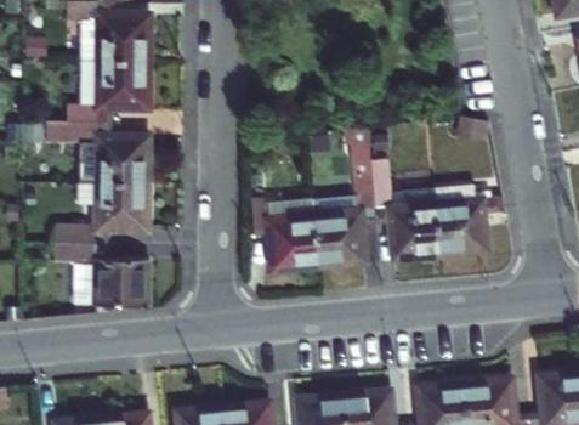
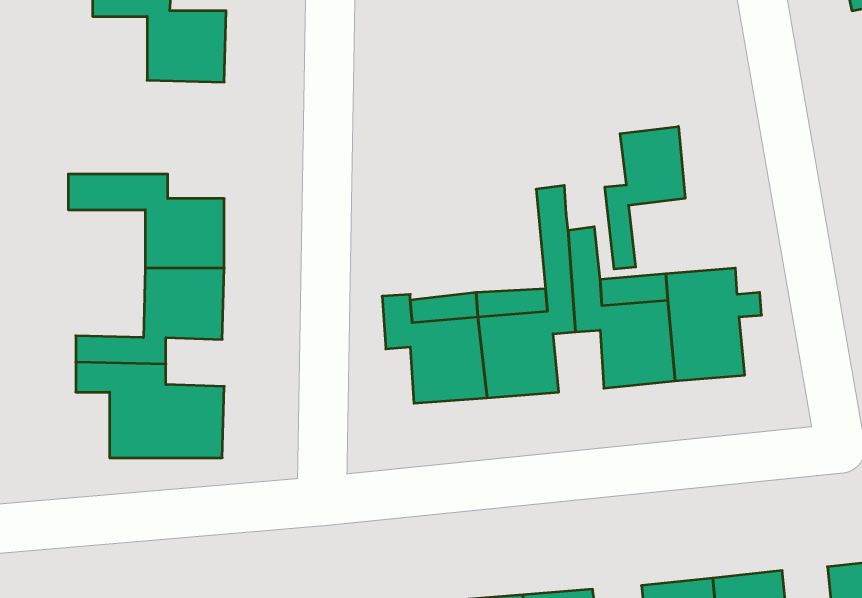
building: [98,61,149,121] -> none
building: none -> [605,126,685,269]

